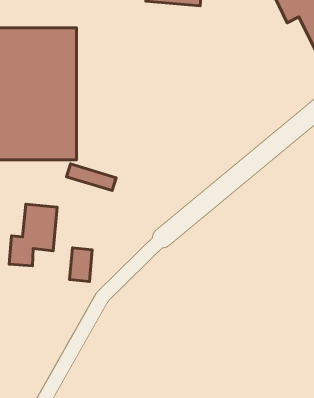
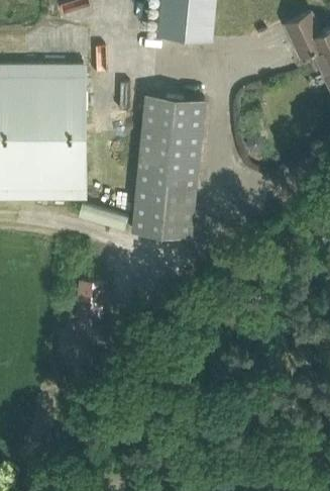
building: none -> [131,95,205,238]
building: [9,204,57,266] -> none

